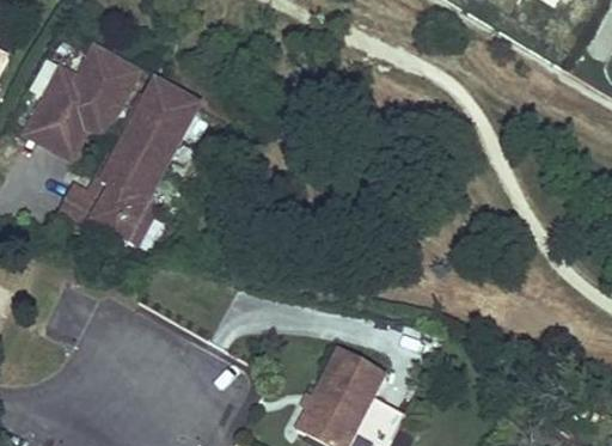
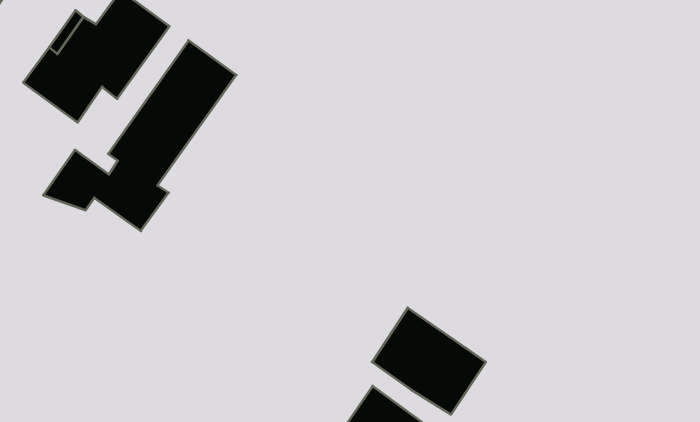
building: none -> [372,308,486,414]

